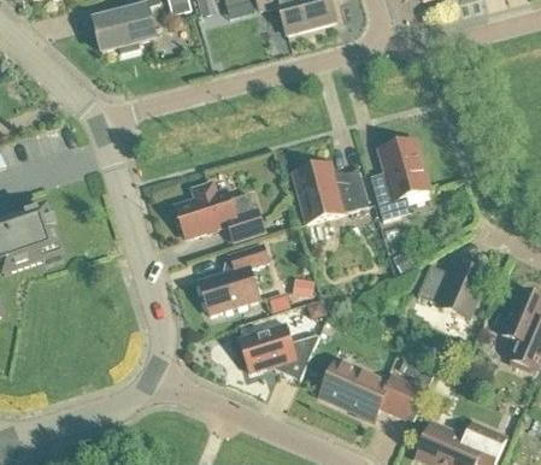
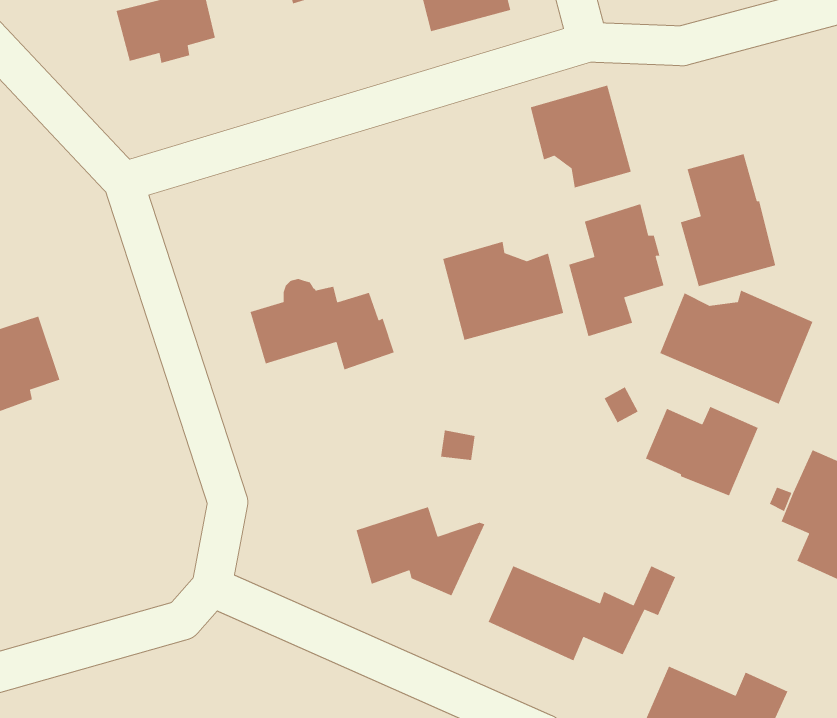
building: none -> [530,85,632,189]
building: none -> [680,153,776,287]
building: none -> [659,289,813,405]
building: [199,243,267,314] -> none

